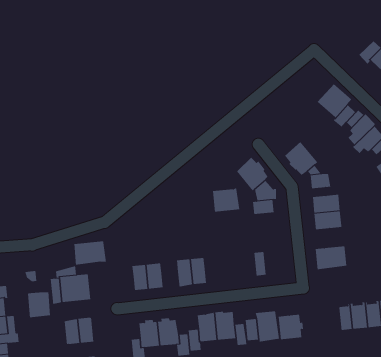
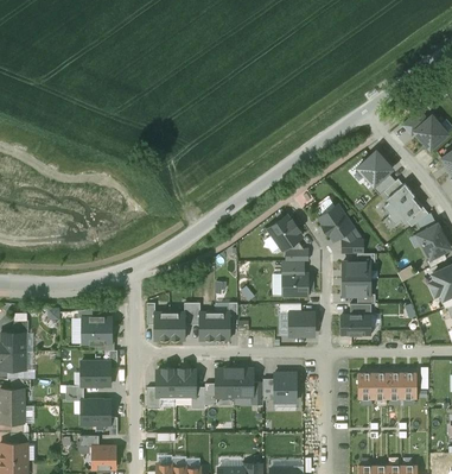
building: [212,187,240,212] -> [282,273,308,296]
building: [74,241,106,265] -> none
building: [27,291,51,318] -> none
building: [278,314,304,340] -> [289,312,314,336]

